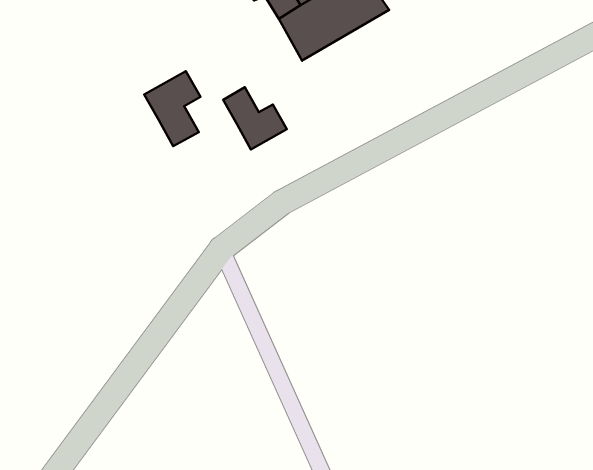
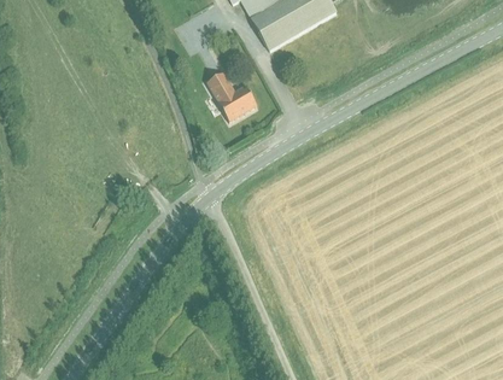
building: [144,71,200,146] -> none

